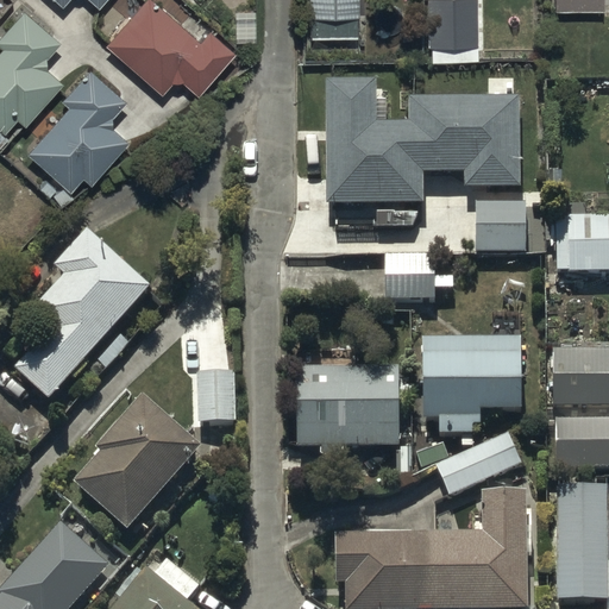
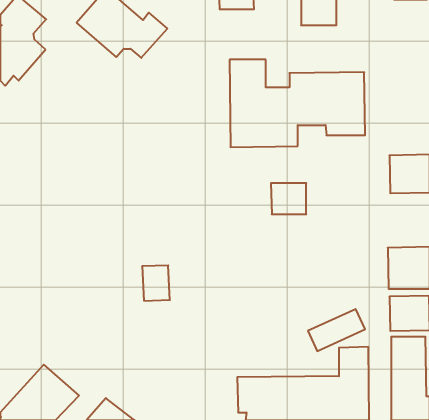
building: [31,55,132,177] -> none
building: [475,205,521,257] -> none
building: [20,225,156,395] -> none
building: [421,340,519,438] -> none
building: [297,366,398,458] -> none
building: [79,389,206,525] -> none

